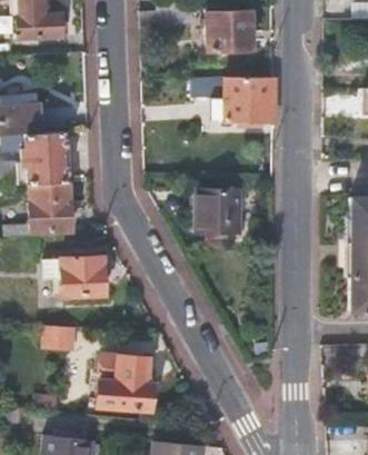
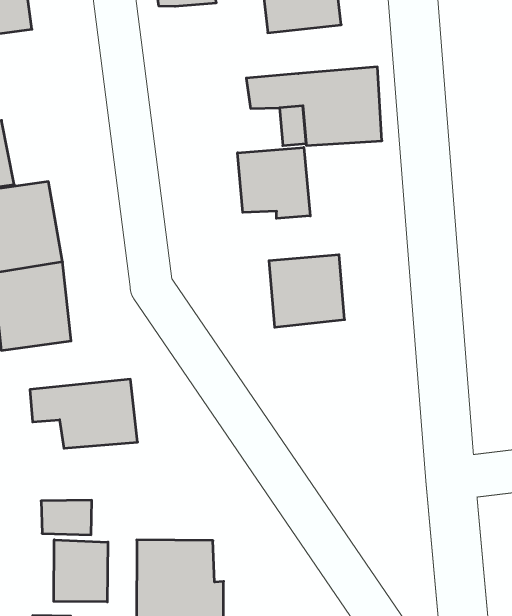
building: none -> [238,147,310,218]
building: none -> [54,540,108,602]

